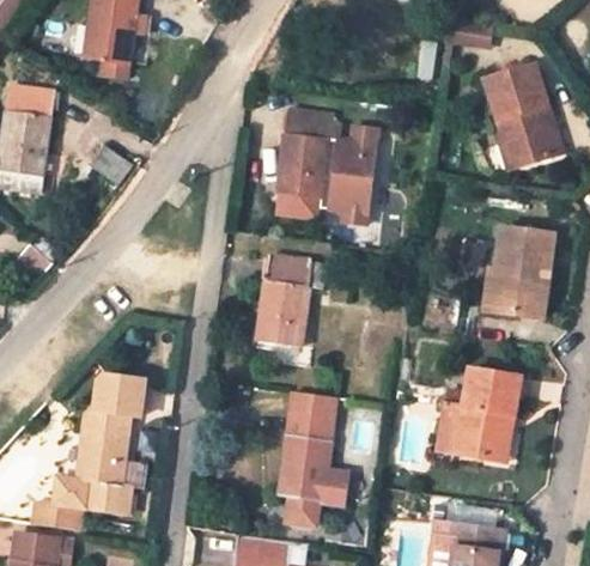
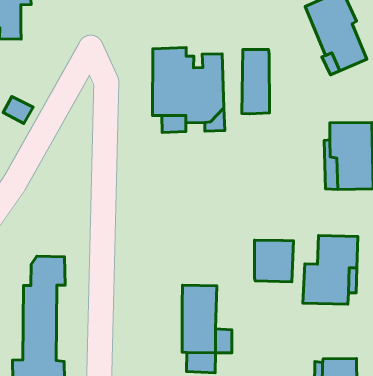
building: none -> [242,49,269,114]
building: [258,255,324,346] -> none
building: none -> [254,240,293,282]

